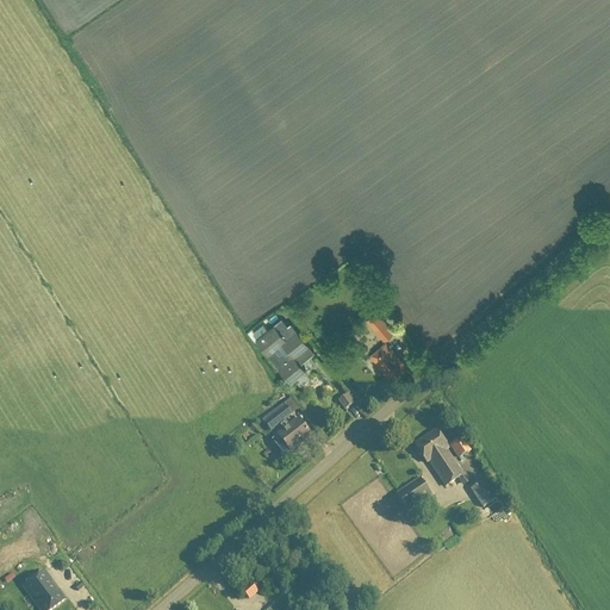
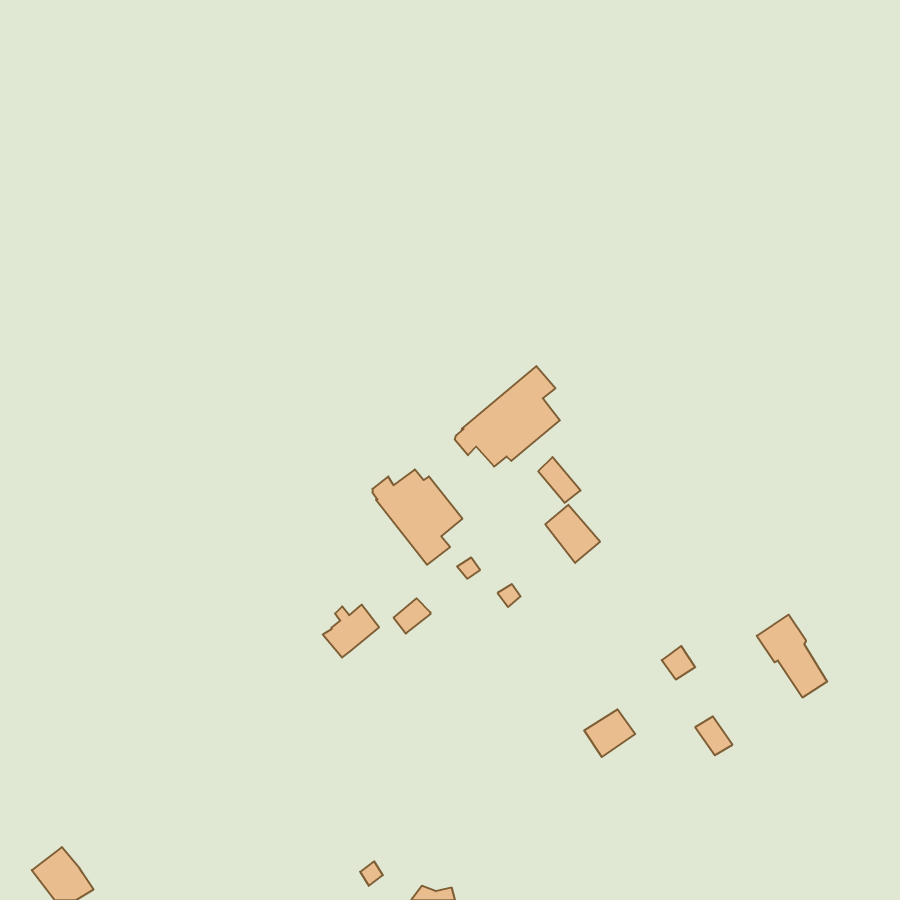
building: none -> [455,366,560,467]
building: [270,421,309,456] -> [323,605,379,658]
building: [412,430,460,486] -> [757,615,827,697]

